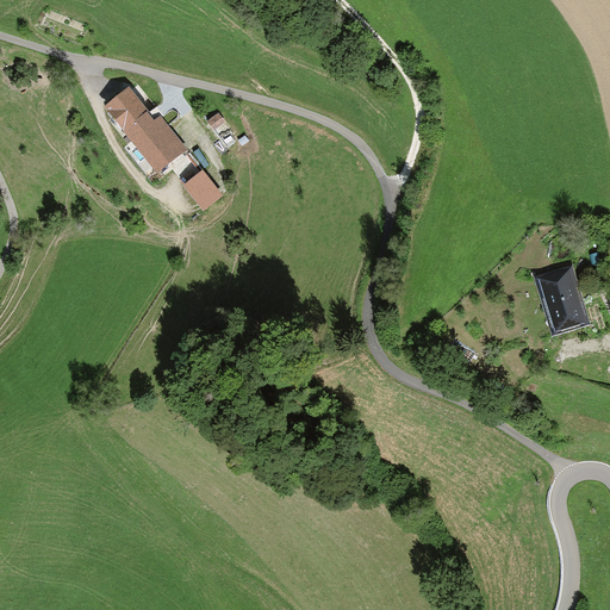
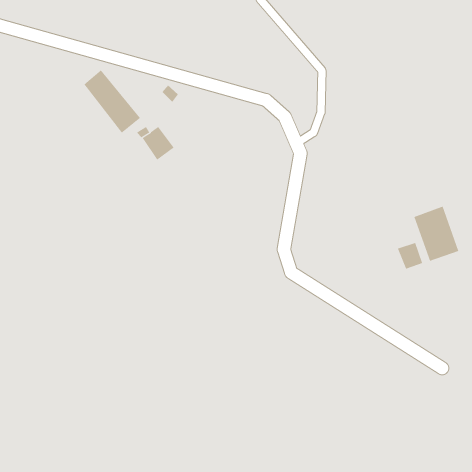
building: none -> [397,242,423,270]

